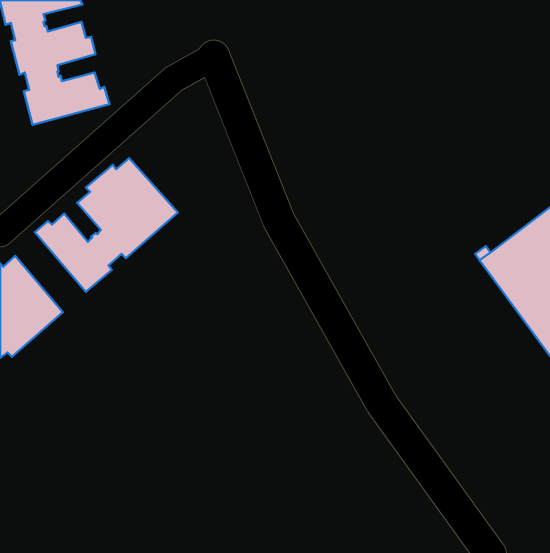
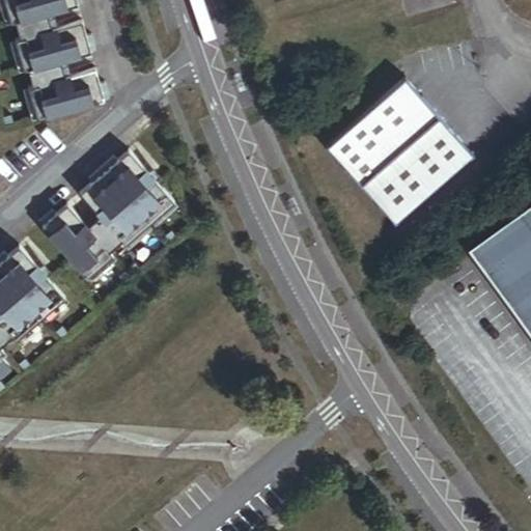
building: none -> [329,78,476,225]

